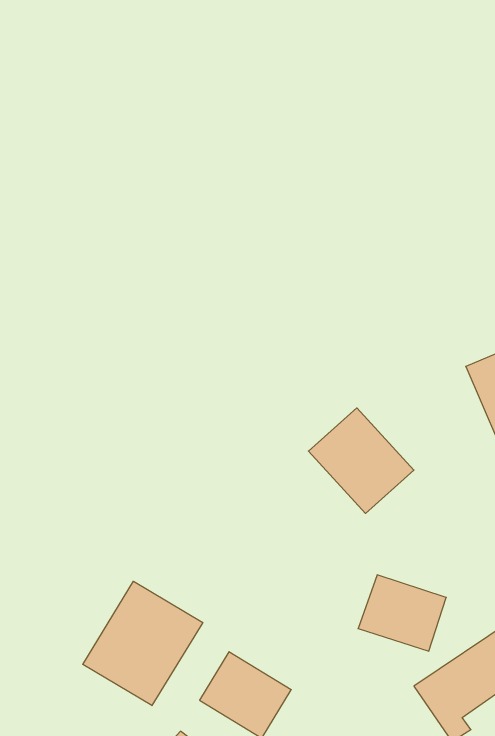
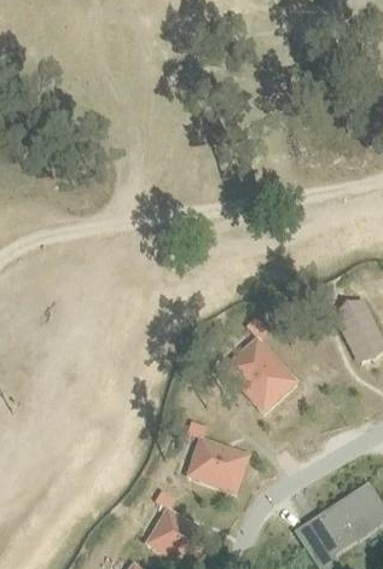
building: [358,575,446,651] -> [187,439,249,492]
building: [83,581,203,706] -> none

